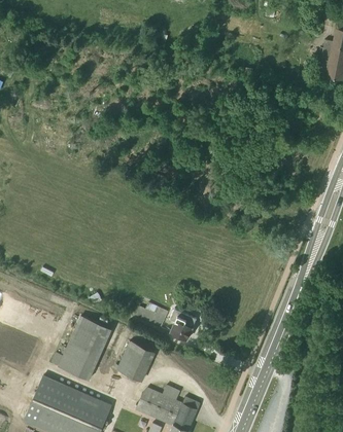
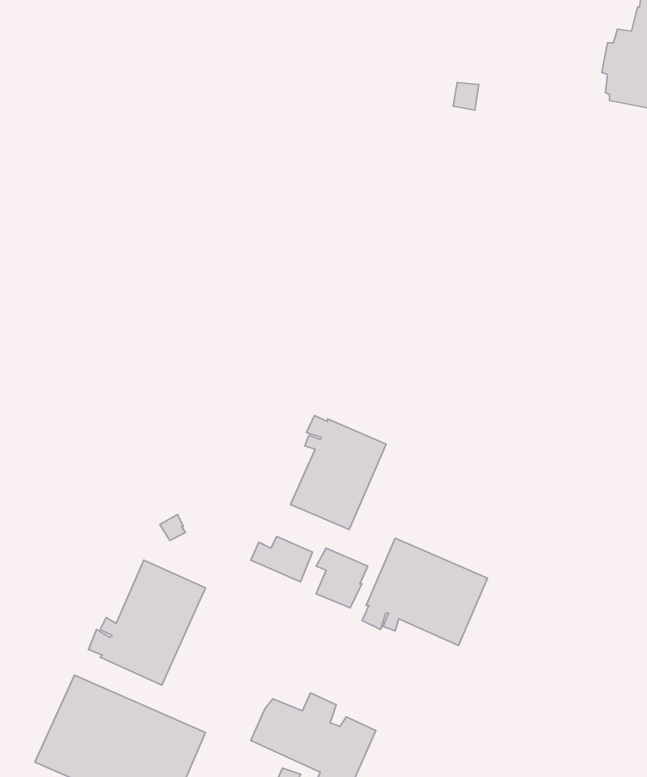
building: none -> [291,416,386,530]
building: none -> [362,538,487,645]
building: [113,341,156,384] -> none

